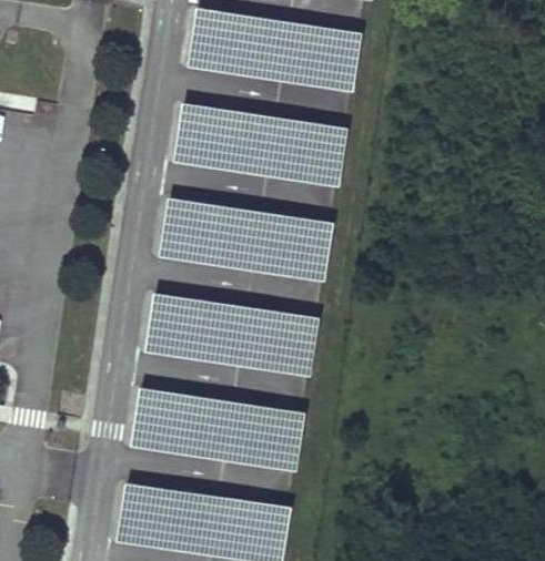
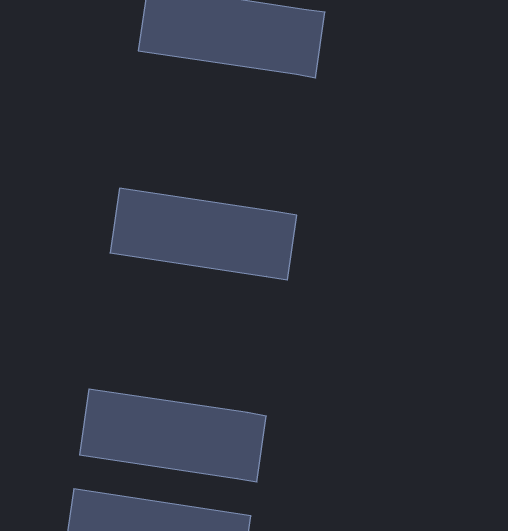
building: [170,102,347,188] -> none
building: [143,292,320,378] -> none

